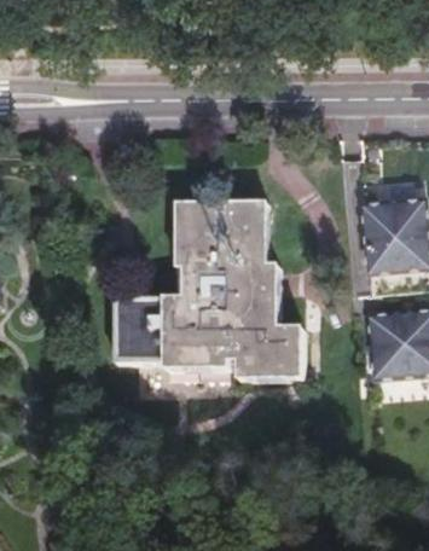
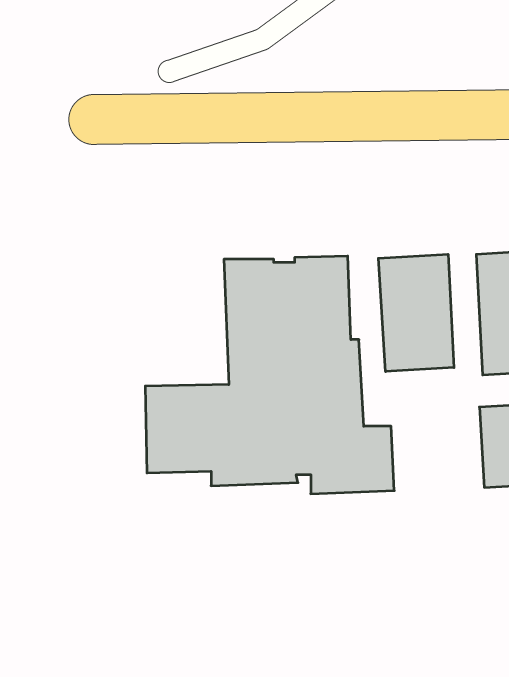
building: none -> [378,254,454,372]

